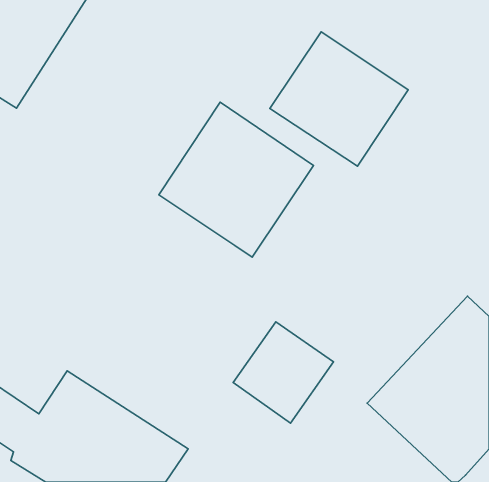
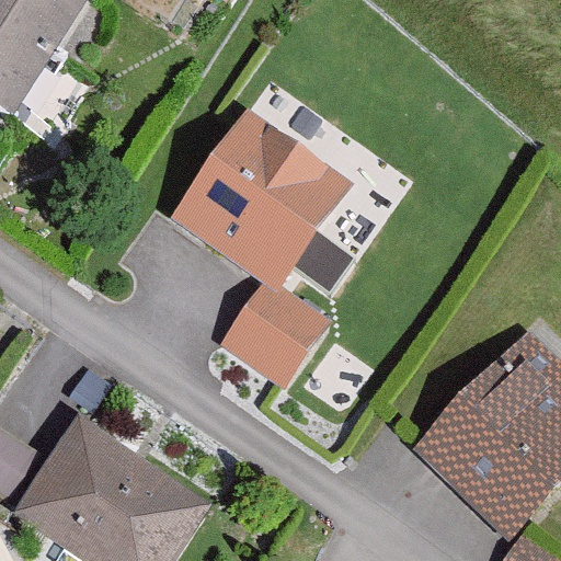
building: [270,32,408,166] -> none
building: [233,322,333,423] -> [216,276,329,390]

